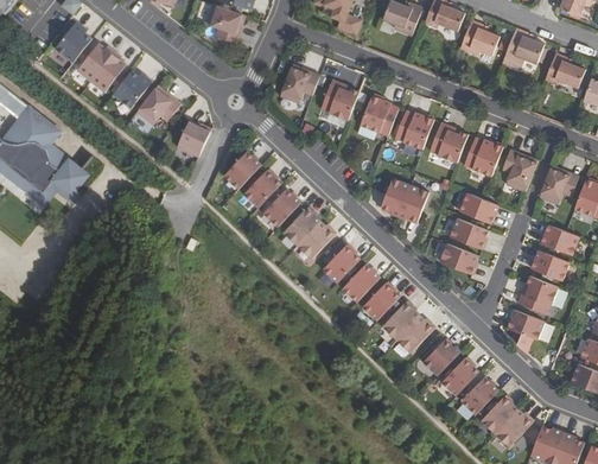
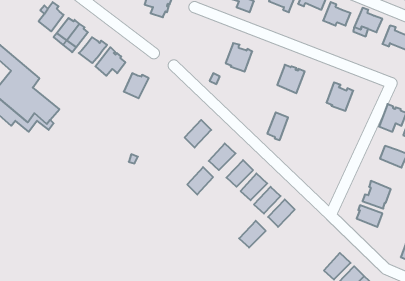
building: [280,63,319,103] -> none
building: [361,94,400,134] -> none
building: [430,123,469,163] -> none
building: [223,151,261,189] -> none
building: [502,151,537,191] -> none
building: [243,170,281,208] -> none
building: [399,184,430,222] -> none
building: [459,192,498,223] -> none
building: [284,206,320,246] -> [187,167,213,195]
building: [450,217,489,248] -> none
building: [440,243,478,274] -> none
building: [532,249,570,280] -> none
building: [396,314,434,352] -> [239,221,266,248]
building: [422,338,460,375] -> none
building: [441,357,479,395] -> none

